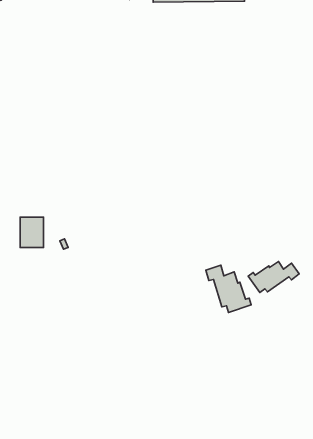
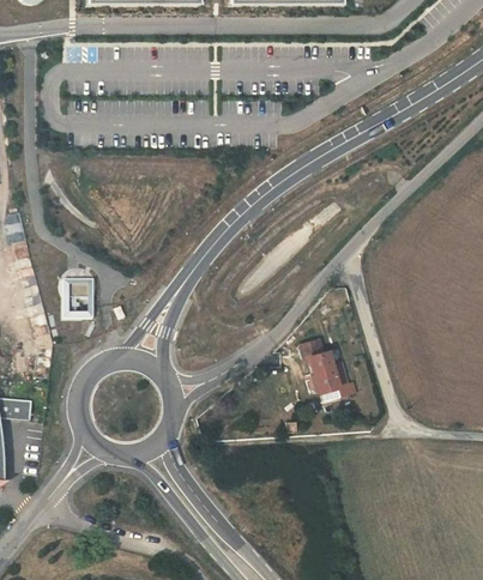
building: [248,261,299,292] -> none

